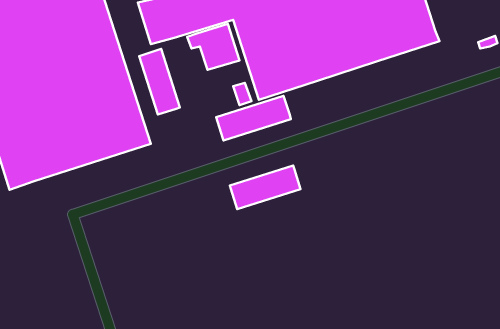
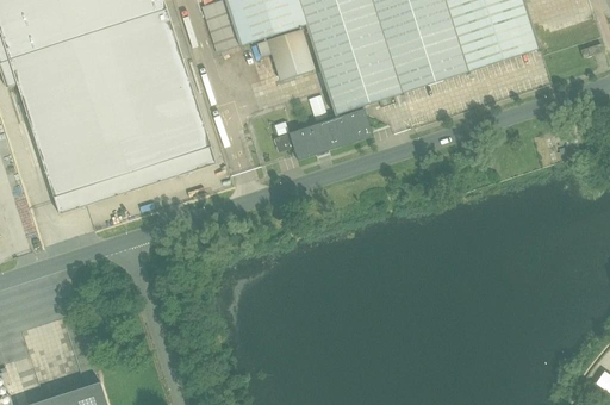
building: [139,49,180,115] -> none
building: [230,165,301,209] -> none

